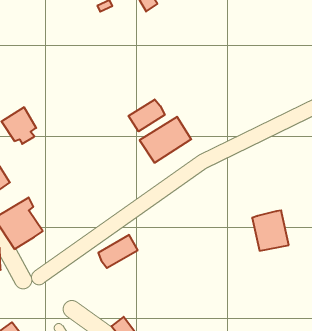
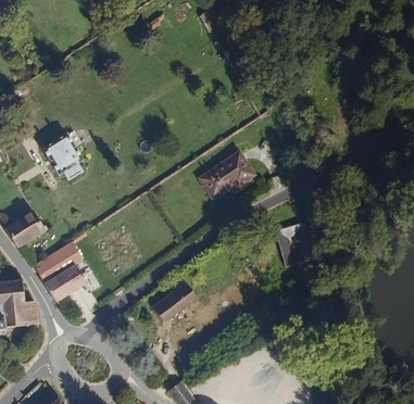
building: [129,99,165,131] -> none
building: [252,210,289,251] -> [273,222,315,268]

